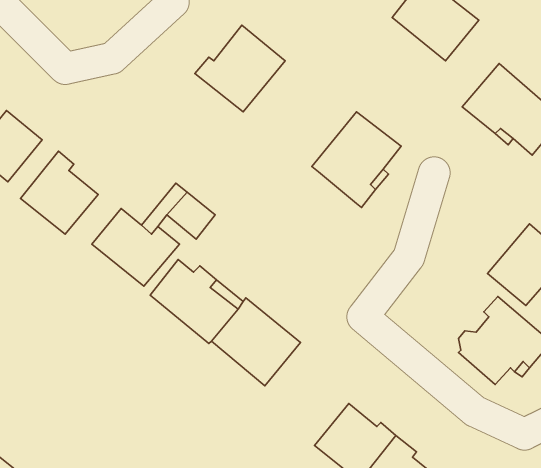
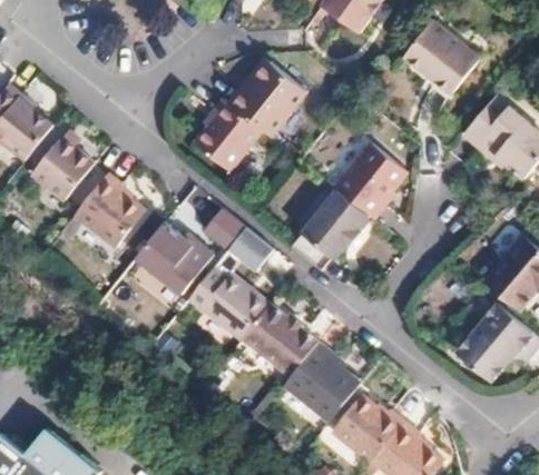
building: none -> [194,101,264,174]
building: none -> [291,191,369,270]
building: none -> [213,229,272,279]
building: none -> [284,340,362,420]

